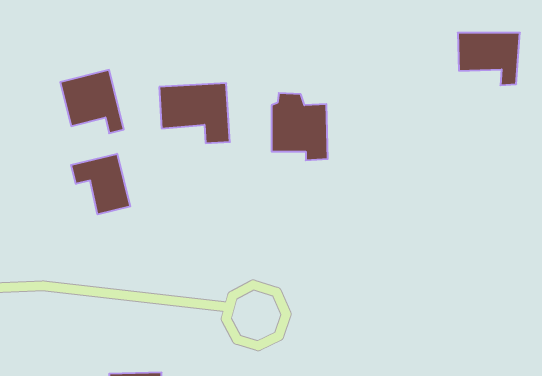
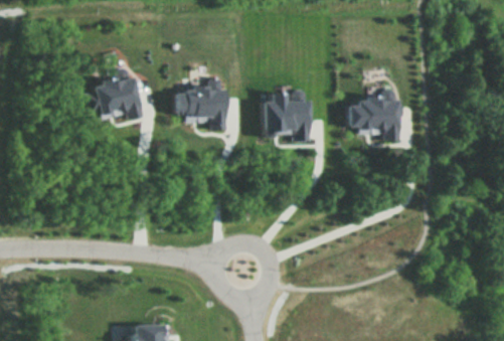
building: [458,33,520,85] -> [351,101,402,144]
building: [71,154,130,214] -> none

